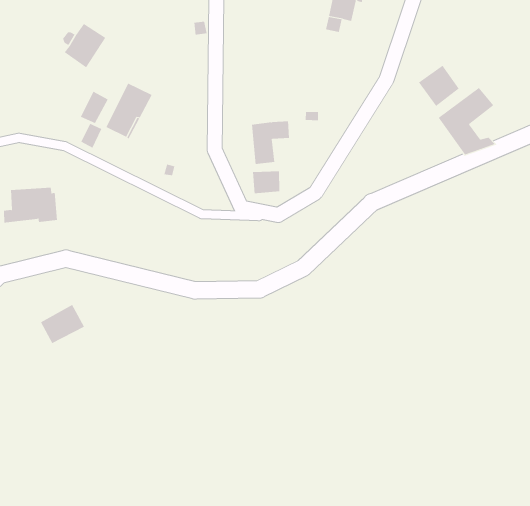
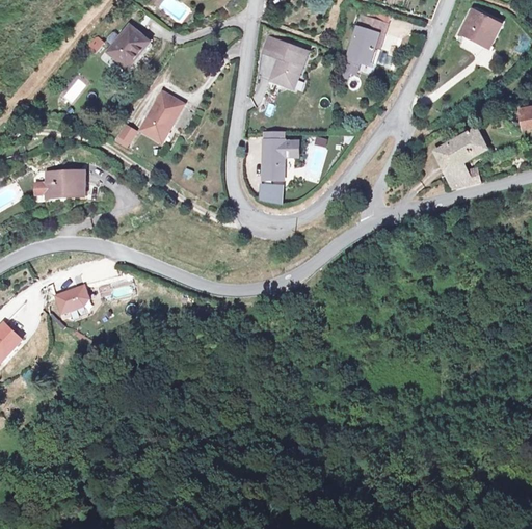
building: none -> [266,32,305,83]
building: [418,65,459,107] -> none
building: [80,91,108,124] -> none

